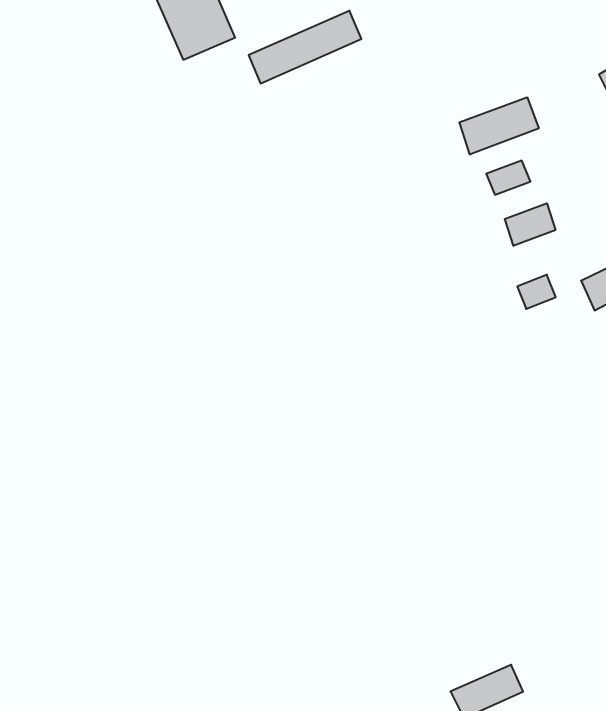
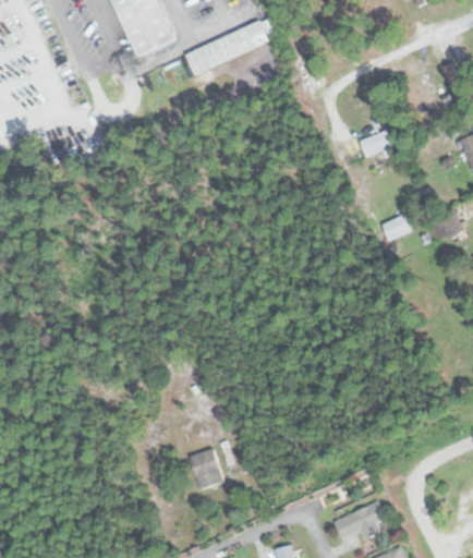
building: [459,97,539,155] -> none
building: [505,203,555,246] -> none
building: none -> [190,448,223,489]

